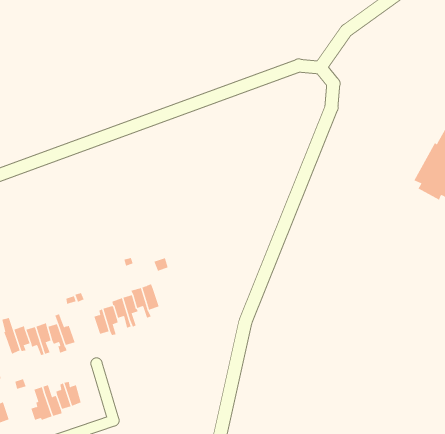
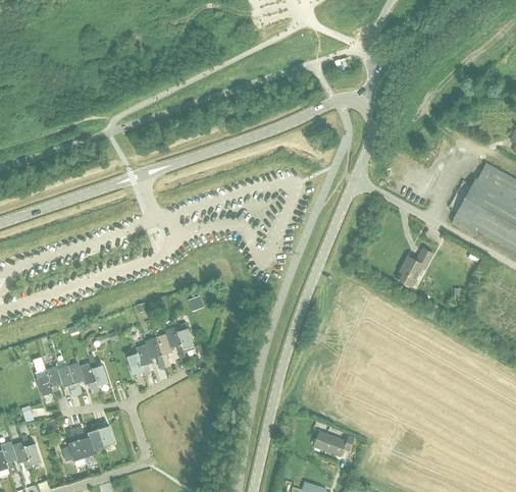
building: none -> [396,249,432,287]
building: none -> [312,431,354,456]

